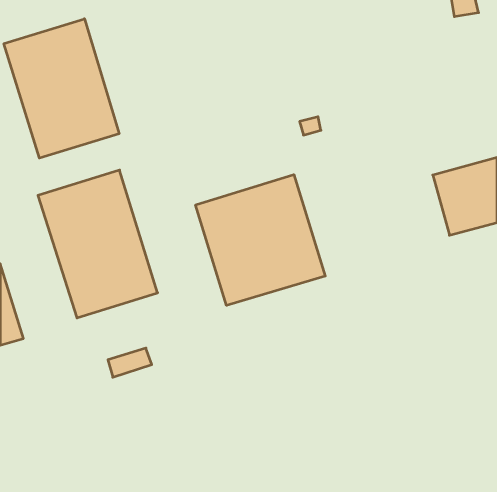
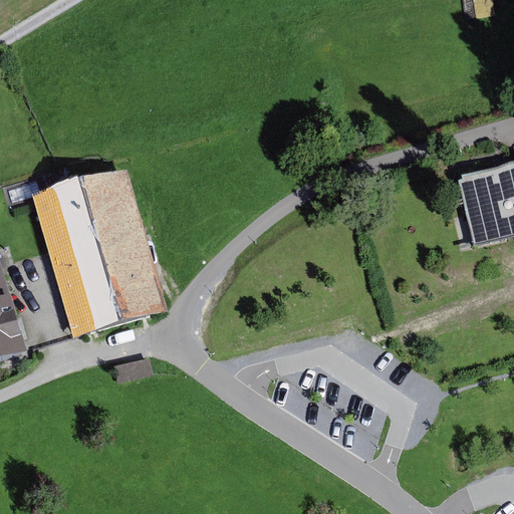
building: [4,19,119,158] -> none
building: [196,175,325,305] -> none

